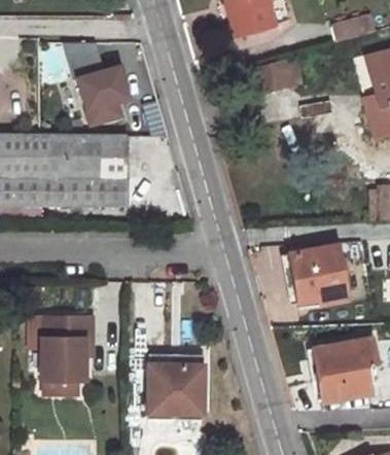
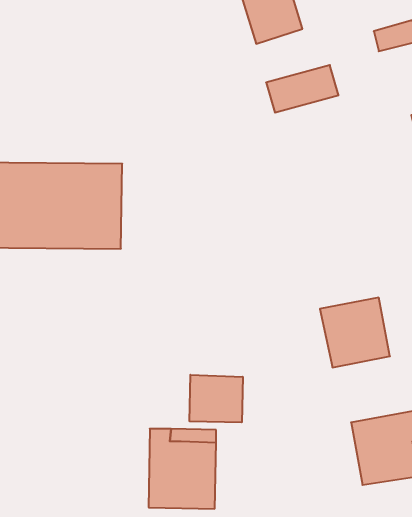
building: [67,38,131,127] -> none
building: none -> [190,375,243,422]
building: [41,317,93,380] -> none

